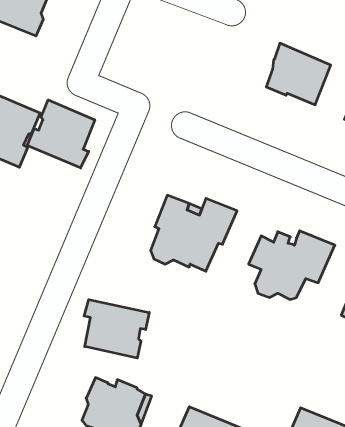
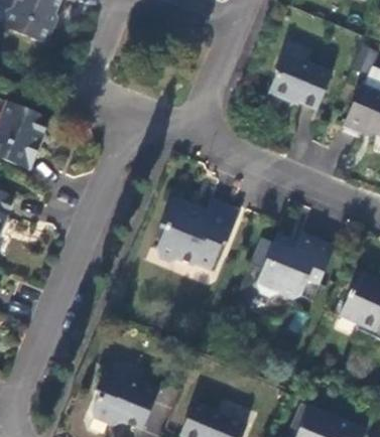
building: [27,100,95,168] -> none
building: [84,300,149,358] -> none

